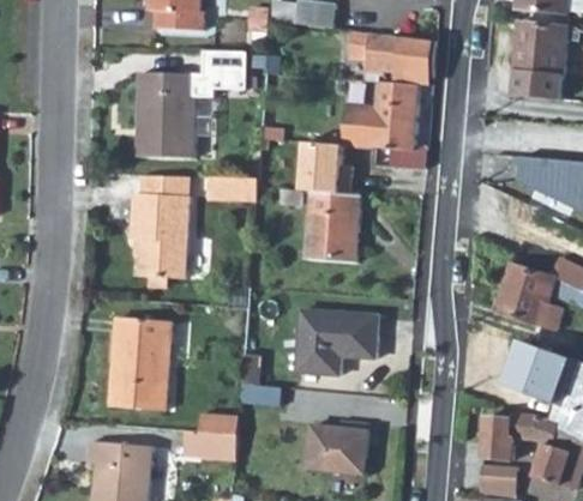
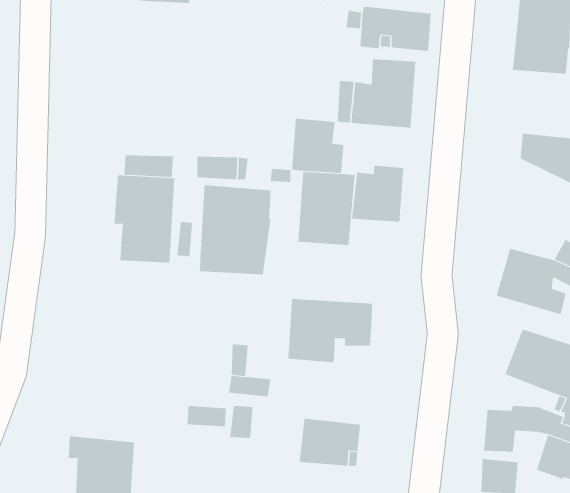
building: [136,50,246,157] -> none
building: none -> [352,165,404,223]
building: none -> [199,184,271,275]
building: [110,319,172,411] -> none
building: [184,430,238,460] -> none

